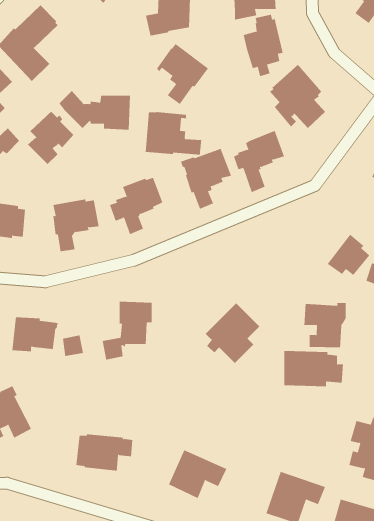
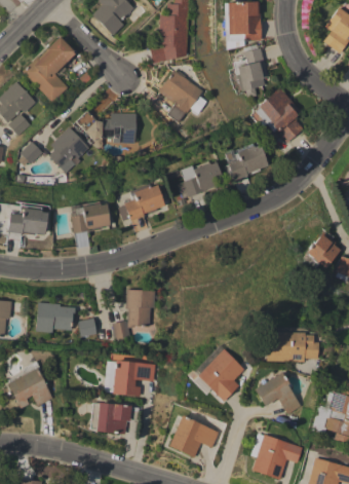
building: [145,111,202,156] -> none
building: [304,302,346,348] -> none
building: [205,302,260,364] -> [197,348,244,401]
building: none -> [112,360,155,396]
building: none -> [254,371,301,414]

